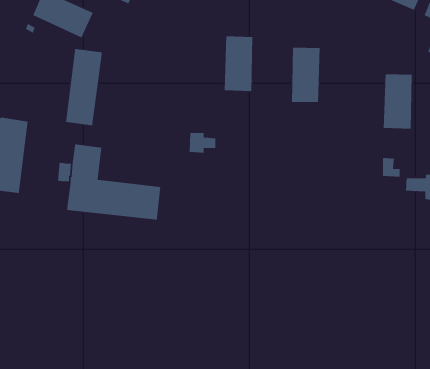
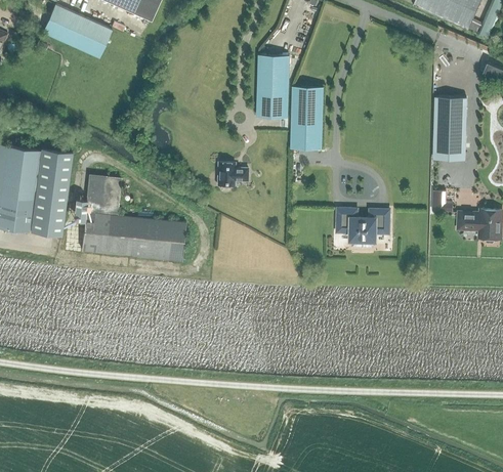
building: [291,47,321,103] -> [291,86,324,148]
building: [65,48,103,126] -> [31,148,73,235]
building: none -> [337,209,389,248]

